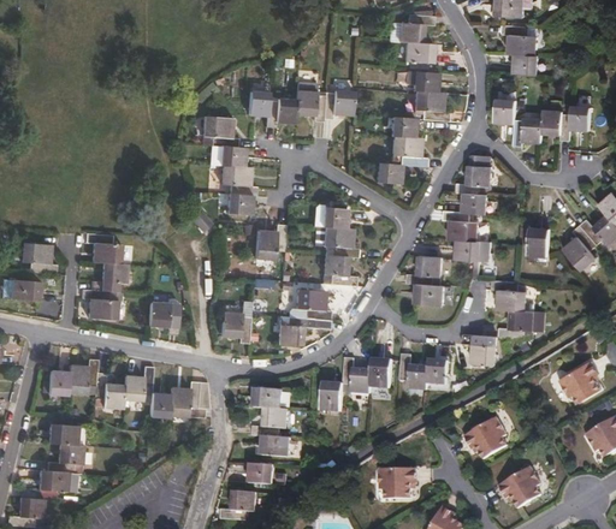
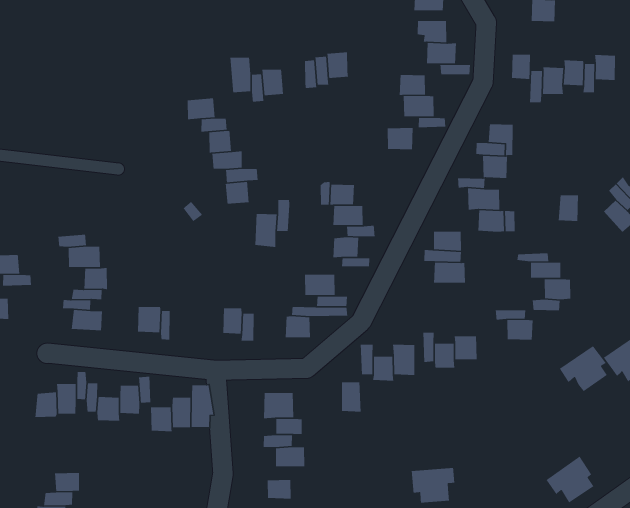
building: [292,88,313,114] -> none
building: [463,417,507,458] -> [559,345,608,392]
building: [49,422,89,444] -> none

